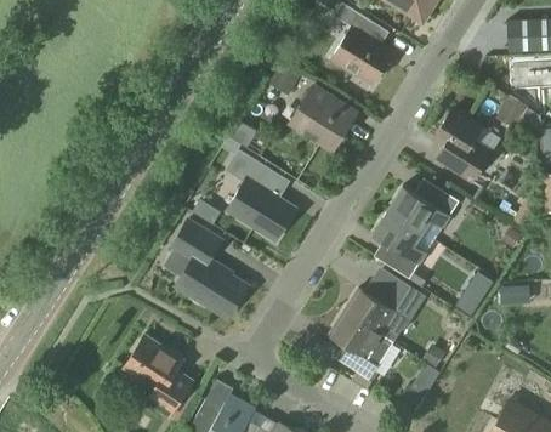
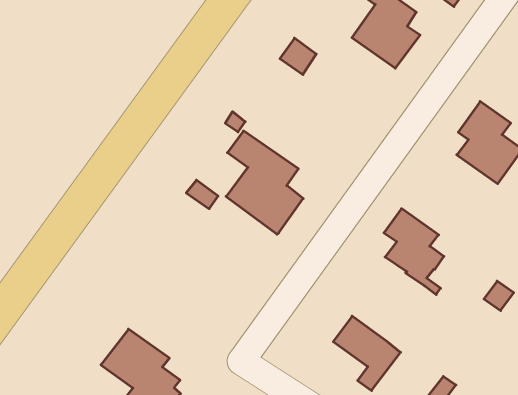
building: [291,85,356,148] -> none
building: [386,178,459,233] -> none
building: [167,216,248,318] -> none
building: [347,278,416,342] -> none

